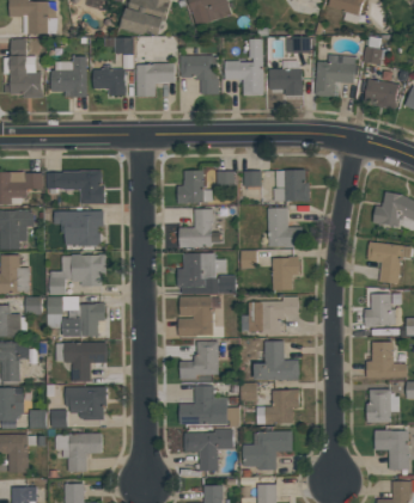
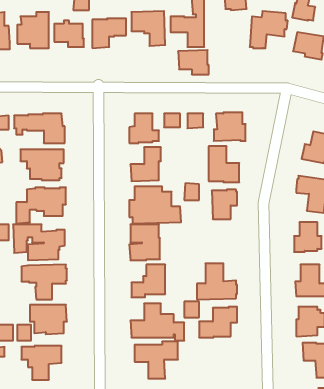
building: [268,68,303,96] -> [178,50,209,74]
building: [241,296,298,335] -> none
building: [242,431,292,470] -> none

